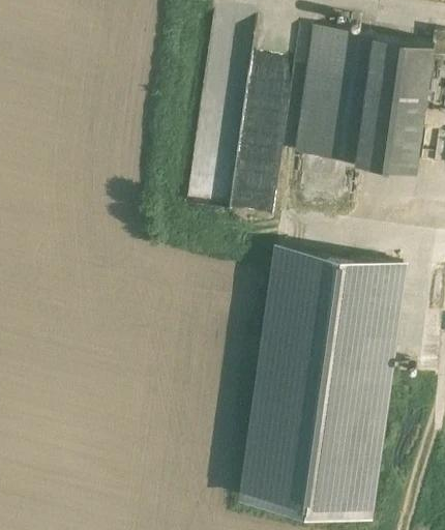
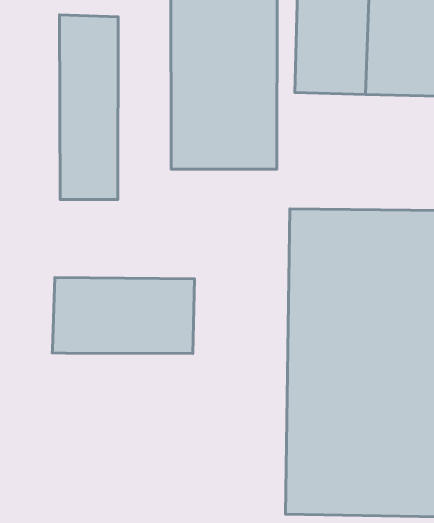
building: none -> [60,15,118,200]
building: none -> [52,277,194,353]

